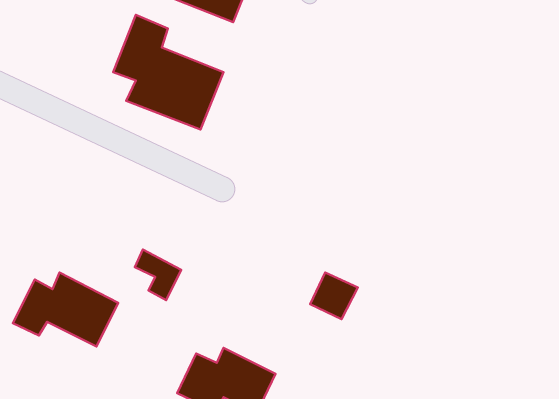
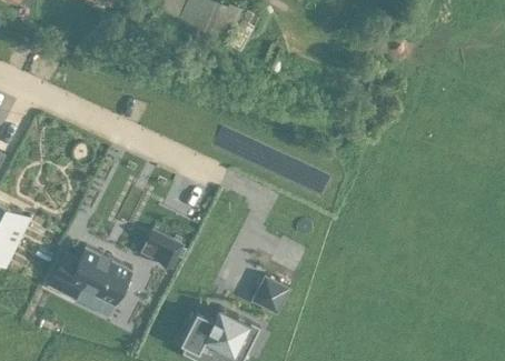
building: [113,15,223,130] -> none
building: [310,273,358,319] -> [251,273,290,311]

